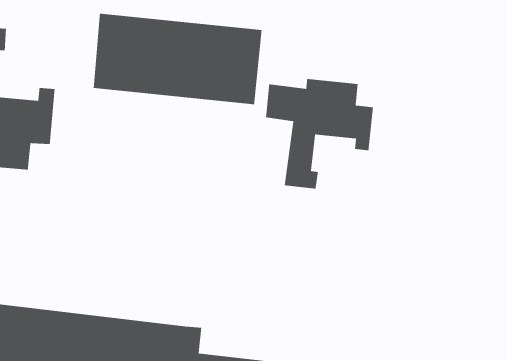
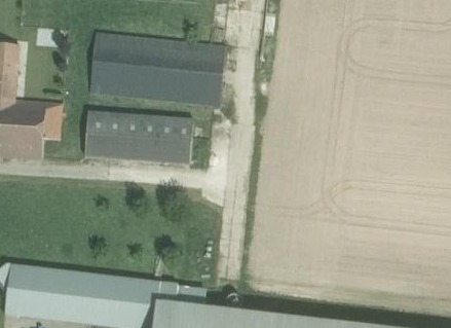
building: [265,78,374,190] -> none
building: none -> [83,110,189,159]

